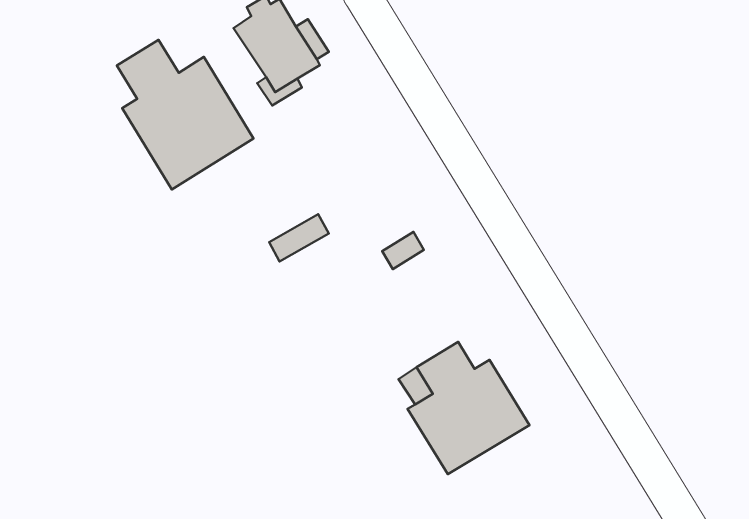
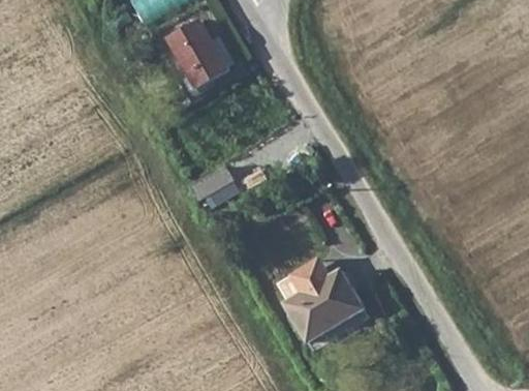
building: [117,40,254,190] -> none

